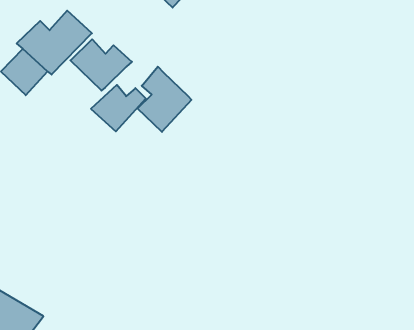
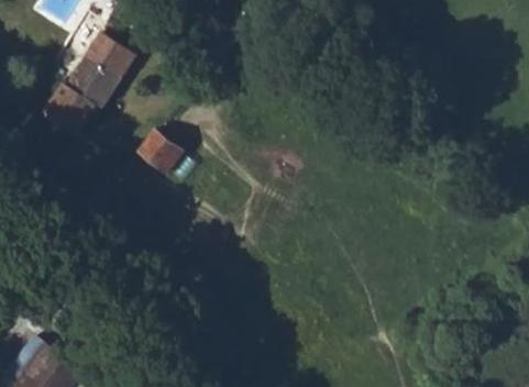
building: [70,39,132,91] -> none
building: [137,67,191,132] -> none

